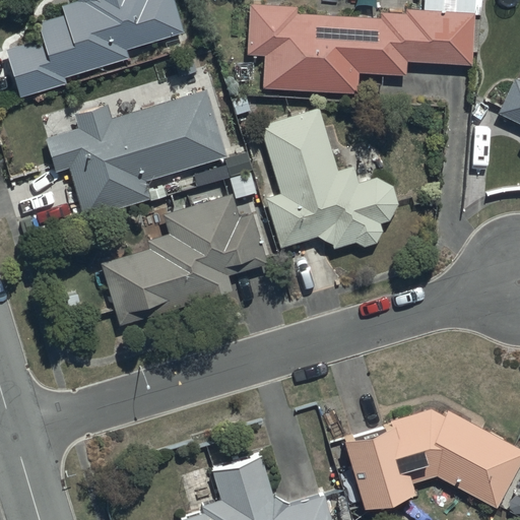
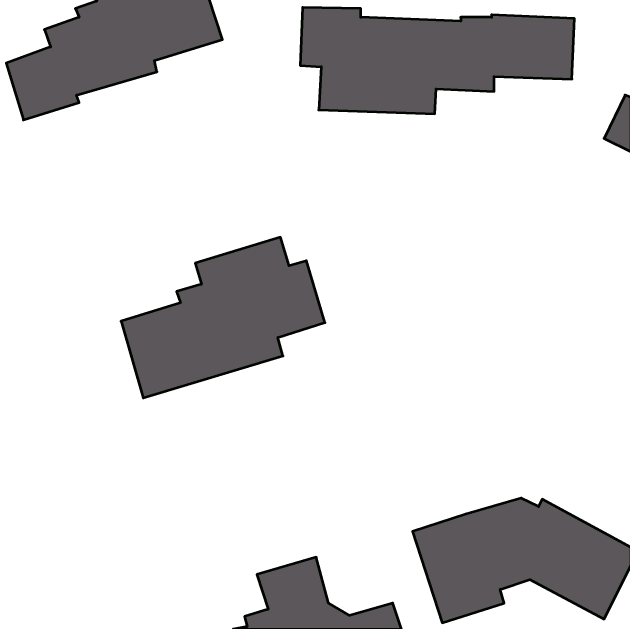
building: [46,89,226,219] -> none
building: [259,110,398,250] -> none

